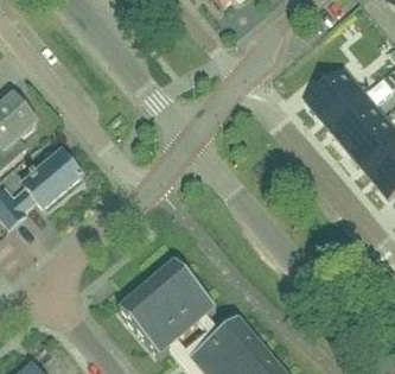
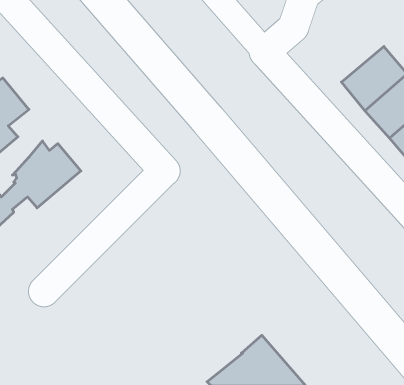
building: [119,259,215,354] -> none

